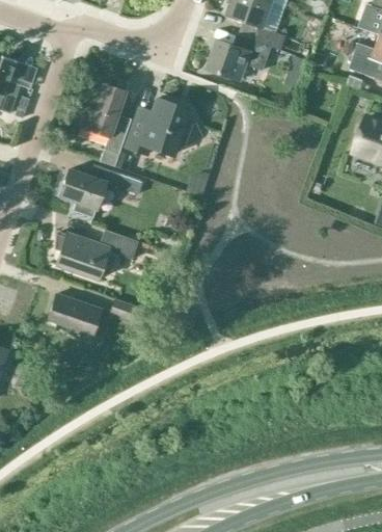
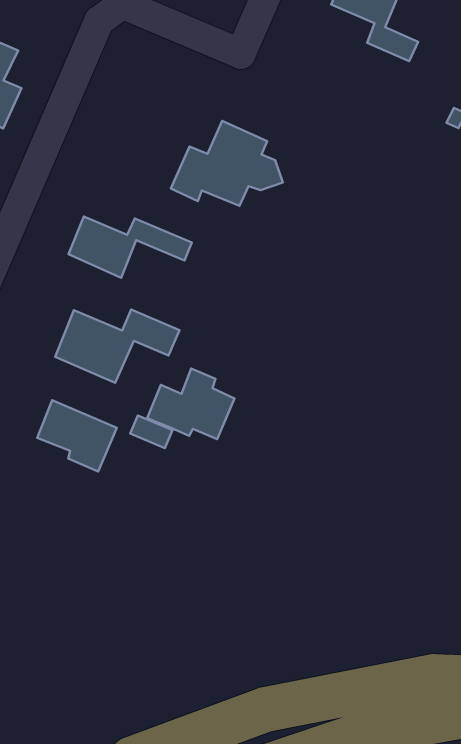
building: [207,38,272,81] -> none
building: [77,82,132,155] -> none
building: none -> [147,368,234,439]

